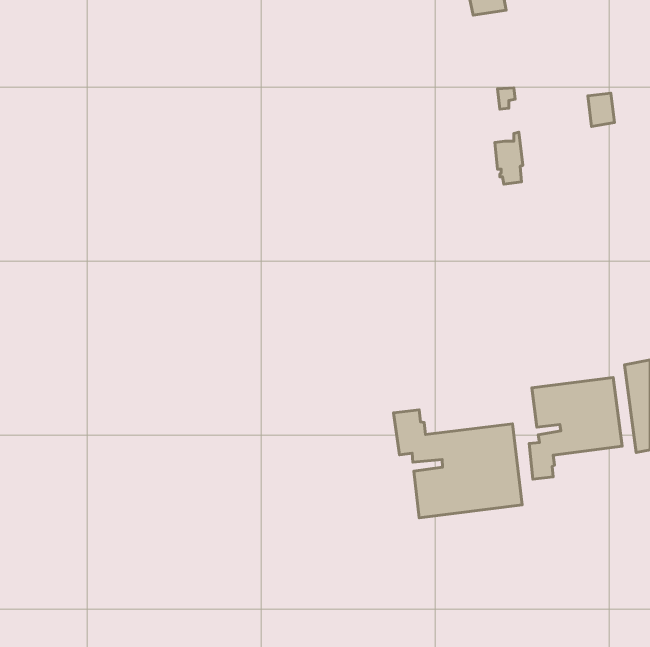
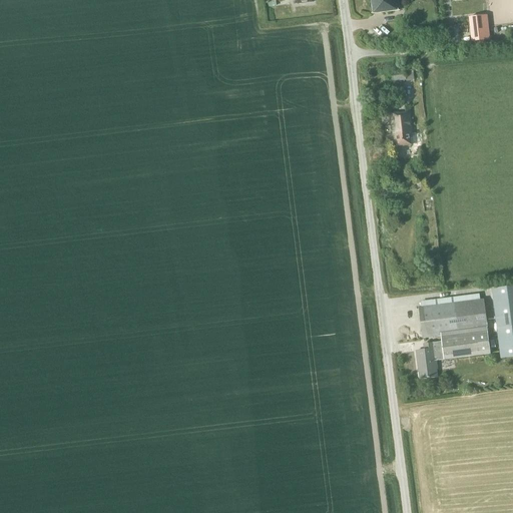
building: [588,93,614,126] -> [469,14,490,40]
building: [393,410,522,518] -> none

